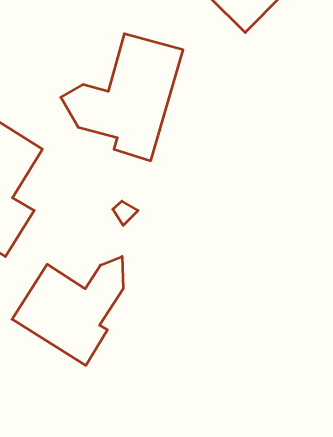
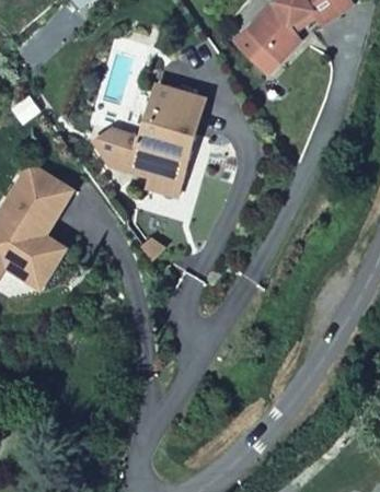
building: [12,256,123,365] -> none

